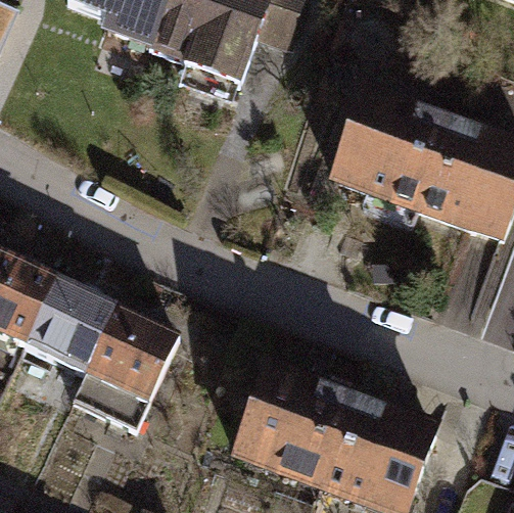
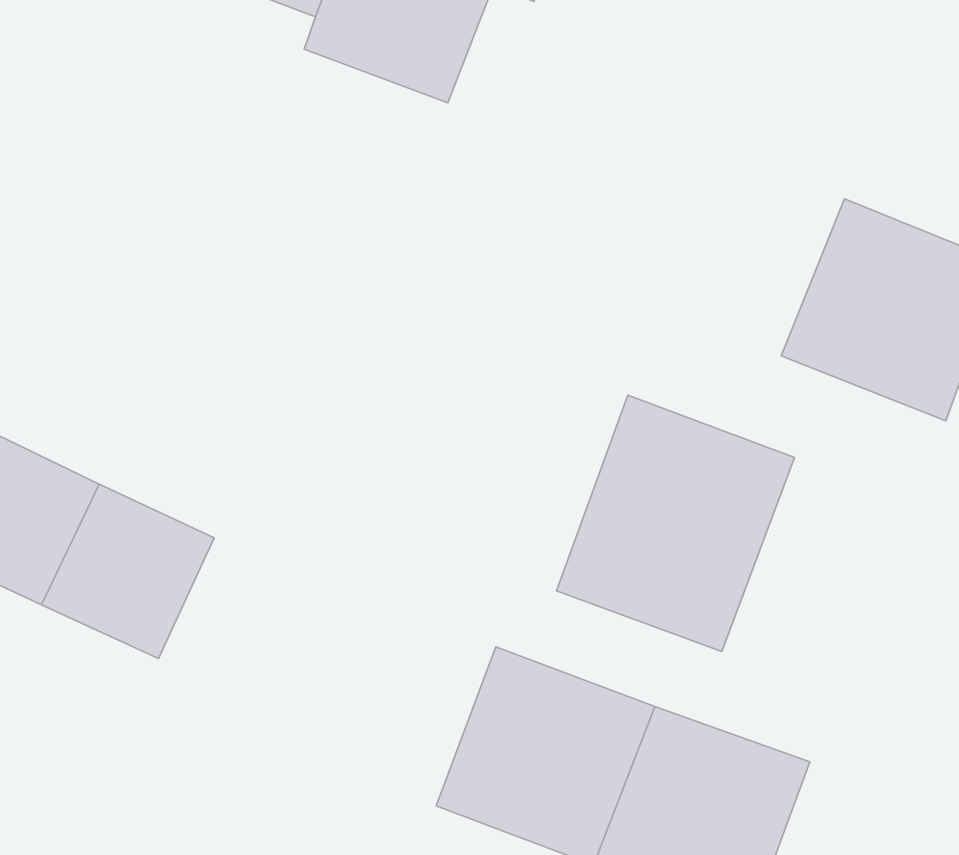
building: [329,93,451,213] -> none
building: none -> [557,395,794,652]
building: [73,310,177,428] -> none

